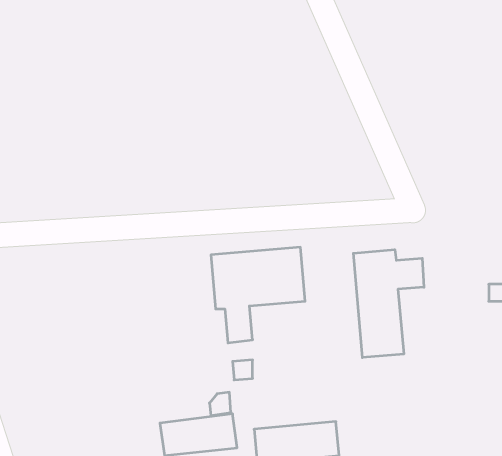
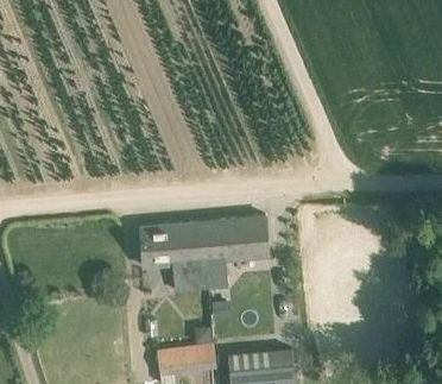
building: [353,250,424,358] -> none
building: none -> [140,222,209,292]

